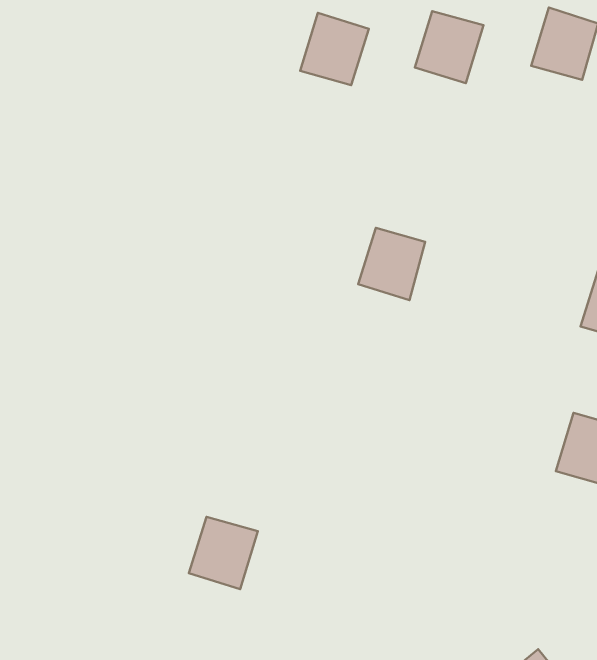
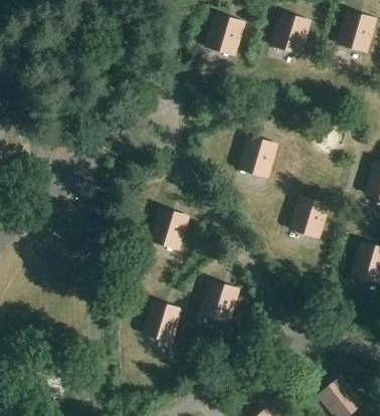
building: none -> [290,196,328,237]
building: none -> [149,207,188,248]
building: none -> [200,280,238,322]

